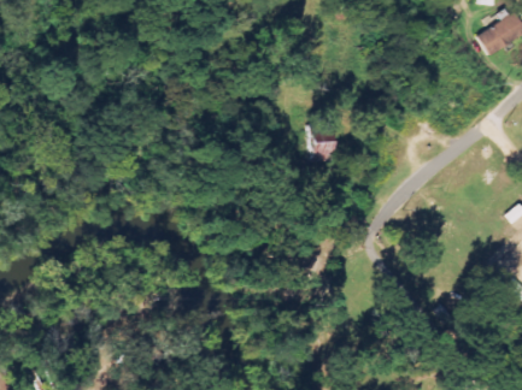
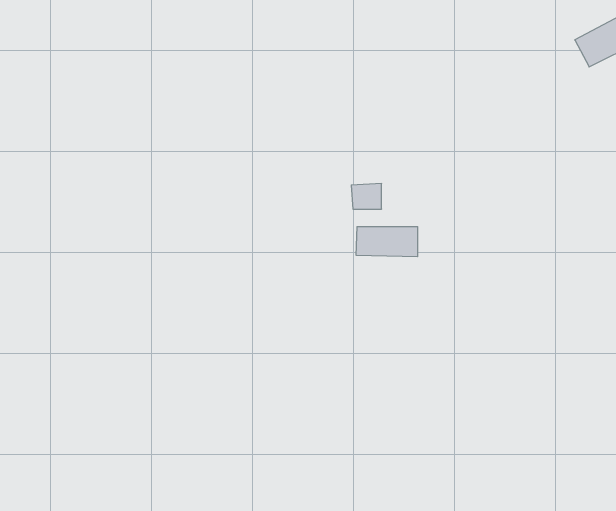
building: none -> [356,227,418,257]

